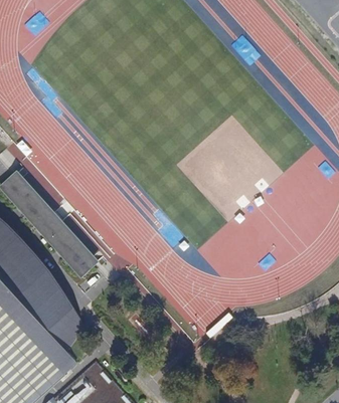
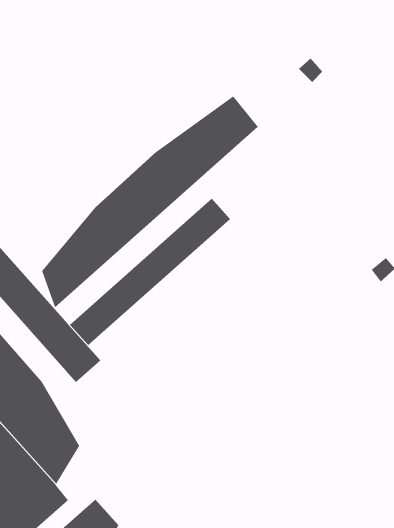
building: none -> [42,95,259,308]
building: none -> [69,198,231,346]

